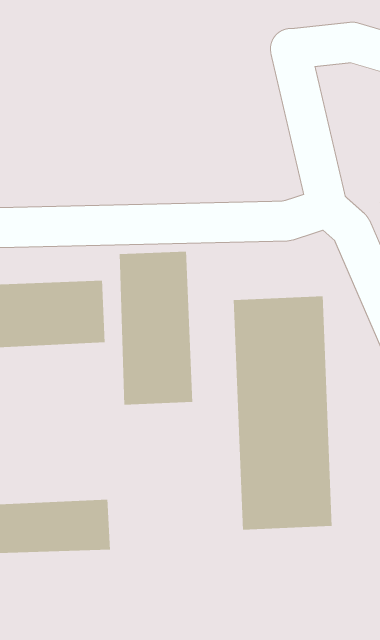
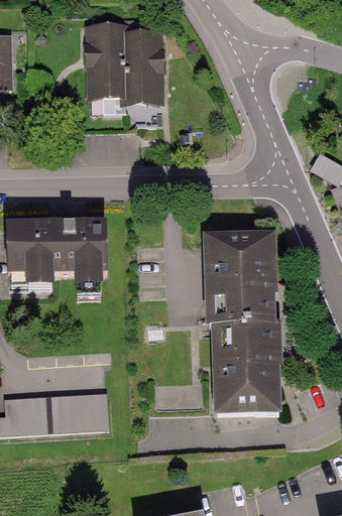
building: none -> [90,22,164,104]
building: [119,251,193,405] -> none

